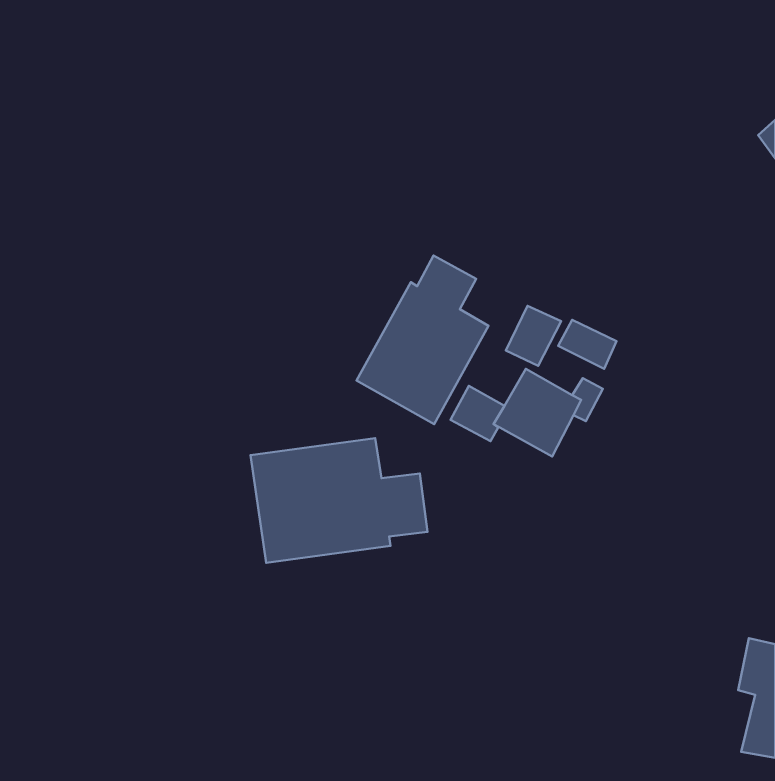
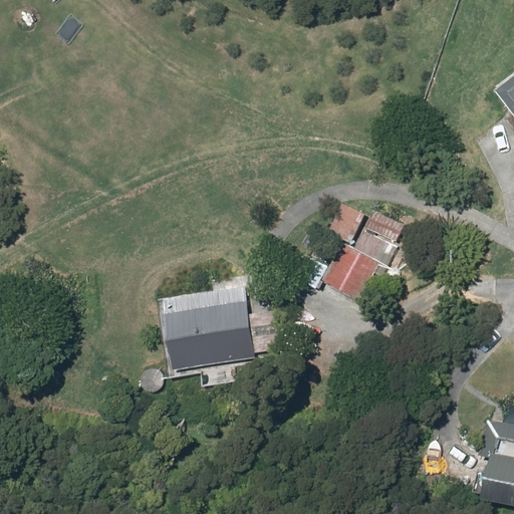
building: [356,255,488,424] -> none

